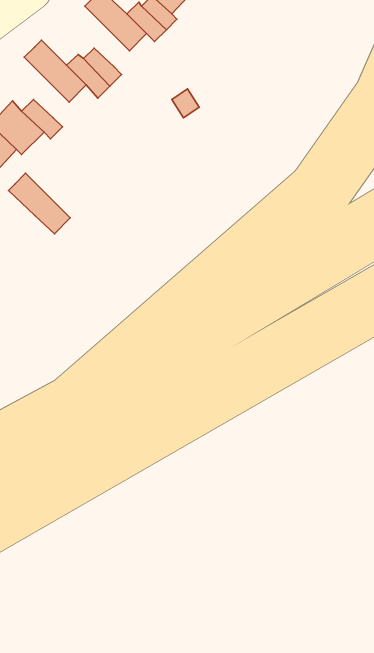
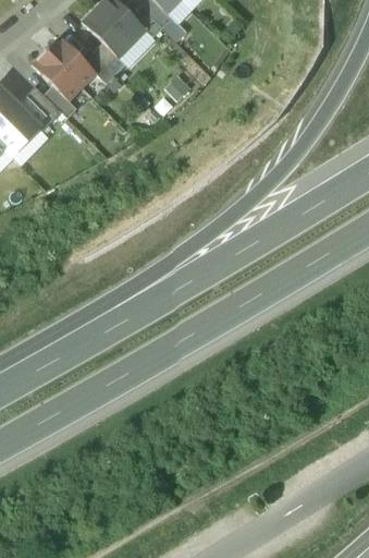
building: none -> [82,8,133,58]
building: [8,173,70,234] -> [32,50,83,100]

